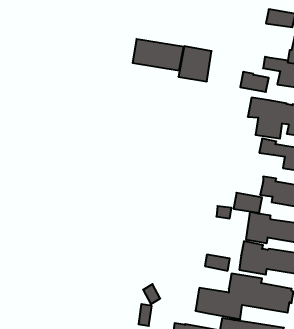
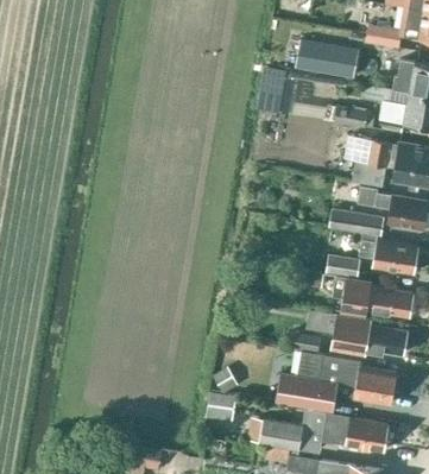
building: [133,39,184,71] -> [295,39,359,78]
building: none -> [328,209,384,236]

